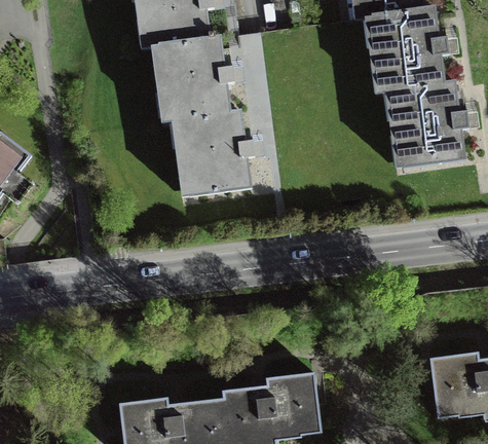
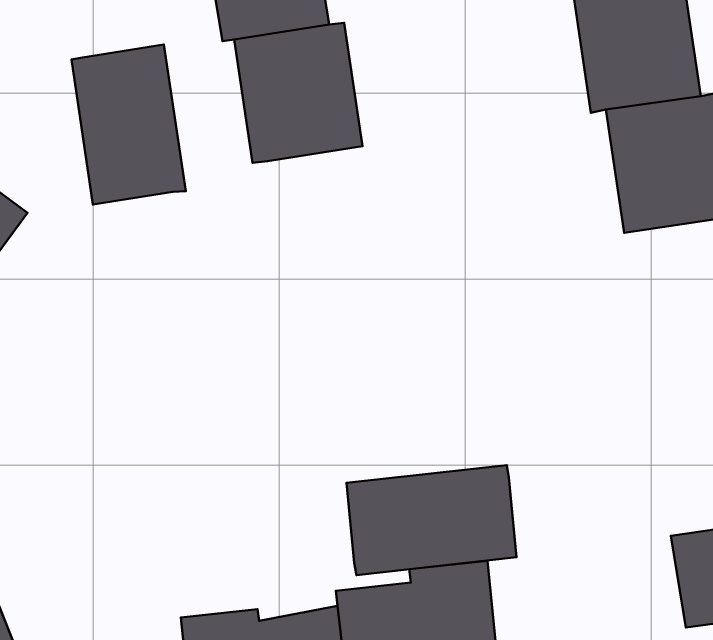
building: none -> [71,45,186,205]
building: [175,115,255,200] -> none
building: none -> [347,465,517,575]

